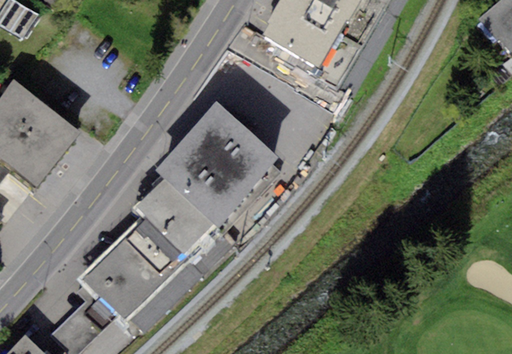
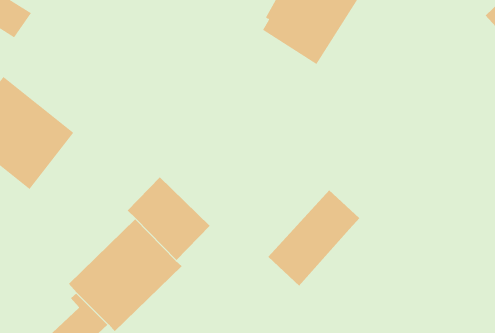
building: [156,101,278,224] -> none
building: none -> [267,190,360,286]

